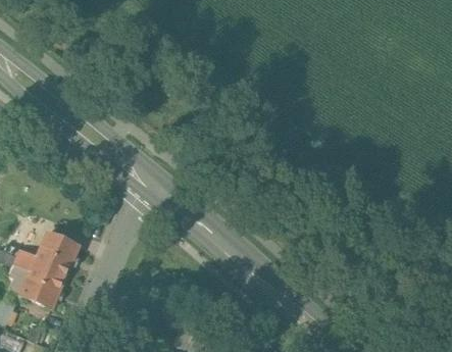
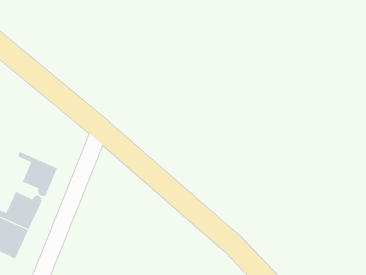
building: none -> [18,151,57,197]

